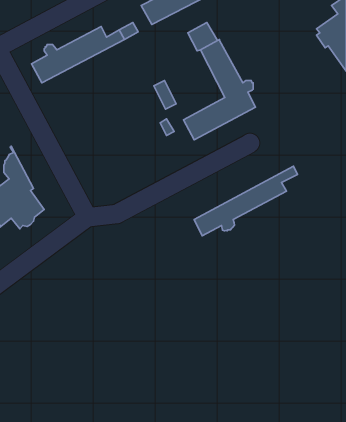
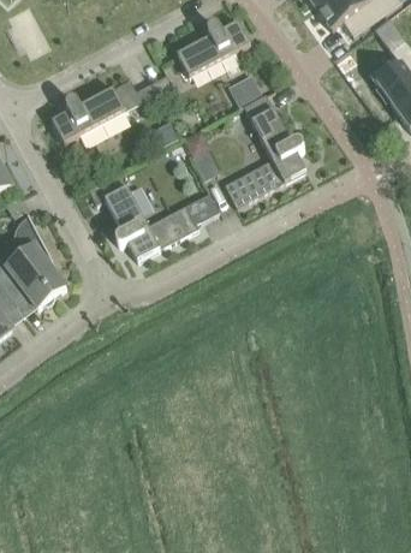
building: none -> [105,186,199,260]
building: [194,166,298,236] -> none

